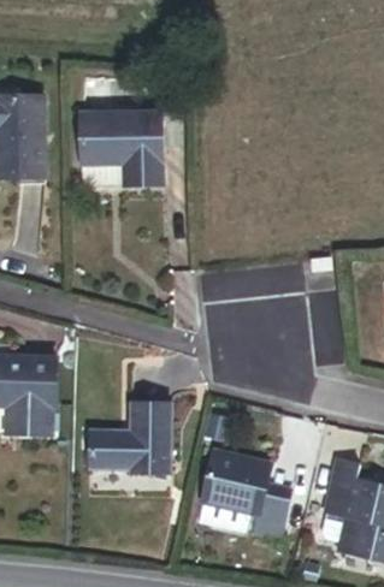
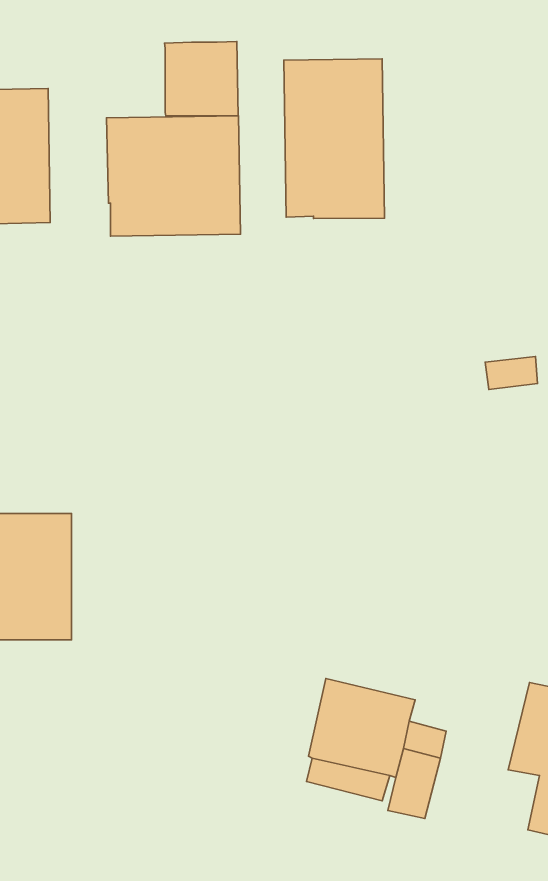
building: none -> [164,41,238,116]
building: none -> [284,59,384,218]
building: [91,398,172,468] -> none

